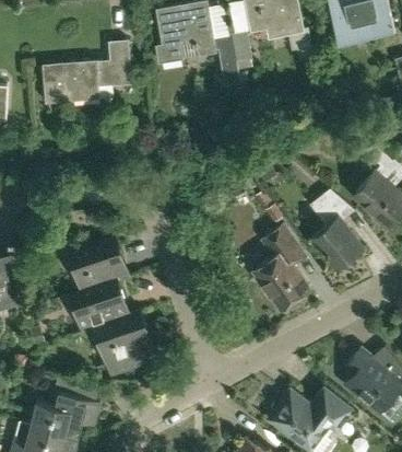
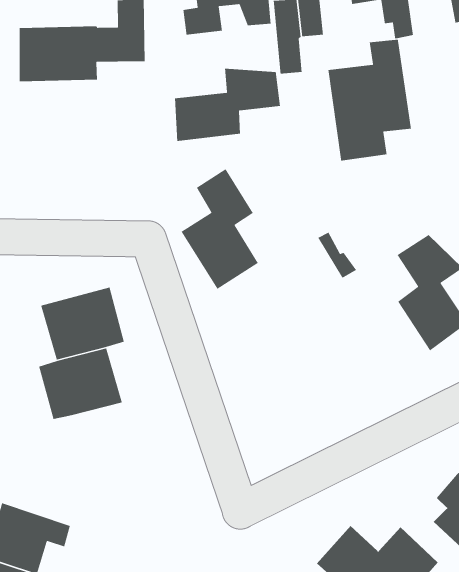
building: none -> [327,39,412,162]
building: none -> [174,68,281,142]
building: [253,225,308,309] -> [180,168,259,290]
building: [94,312,152,363] -> none

